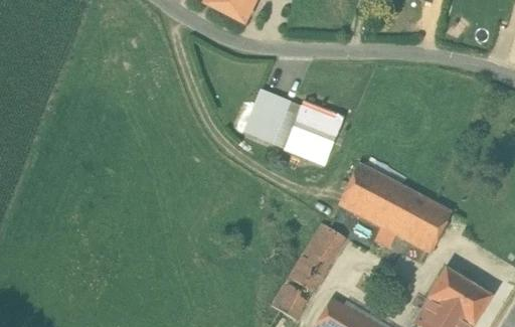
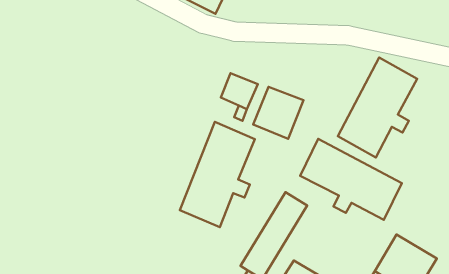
building: none -> [338,57,417,157]
building: none -> [180,122,255,227]

